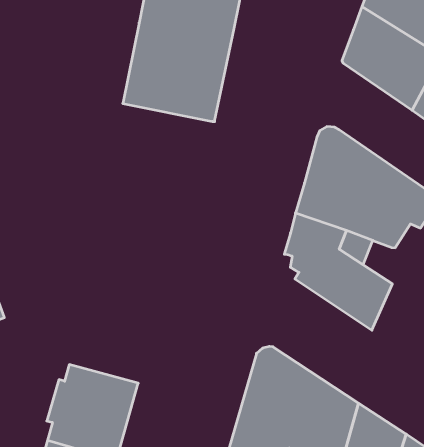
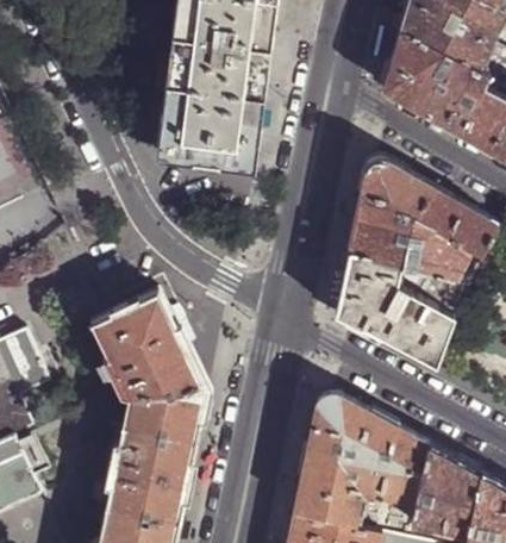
building: none -> [89,292,206,442]
building: none -> [421,274,467,318]

